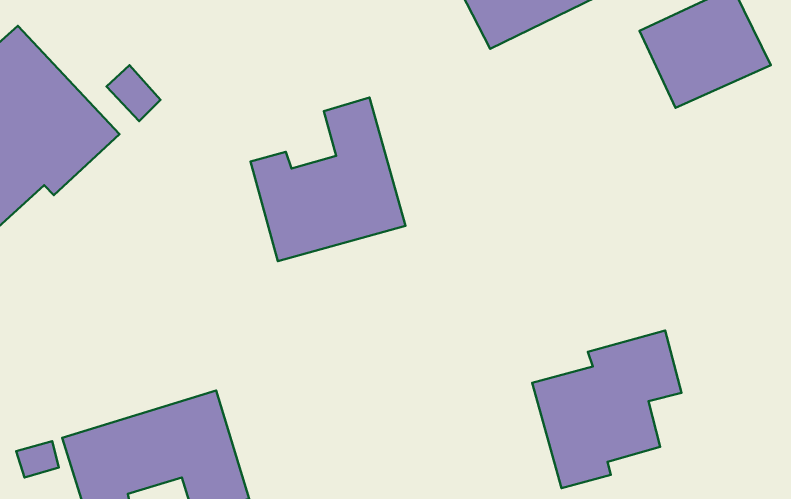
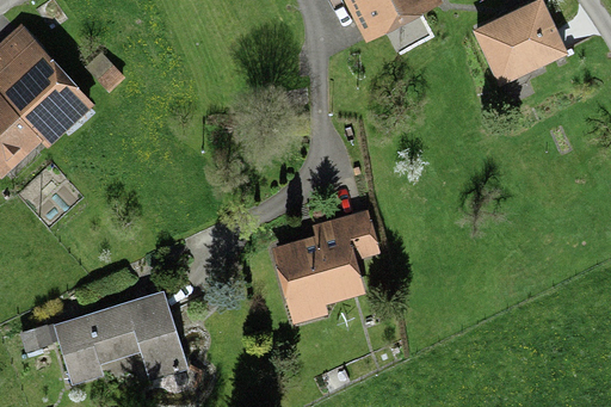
building: [250,97,406,261] -> none
building: [532,330,681,488] -> [271,209,379,323]

